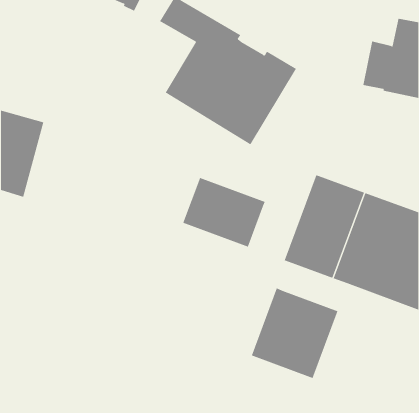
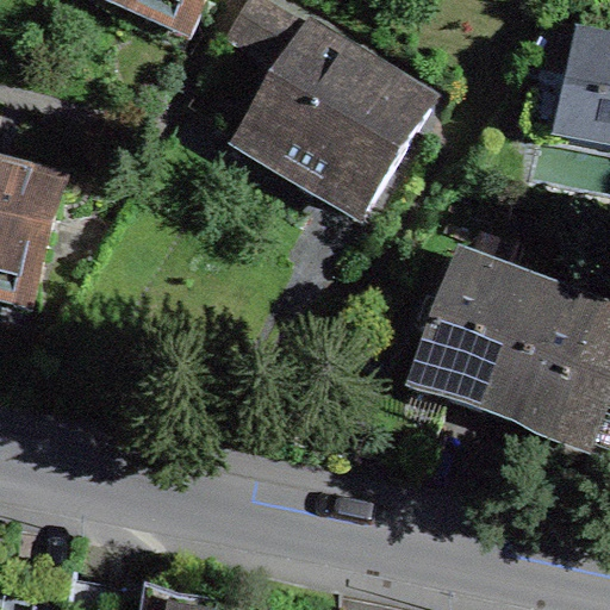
building: [182,177,265,248] -> none
building: [251,288,338,379] -> none

